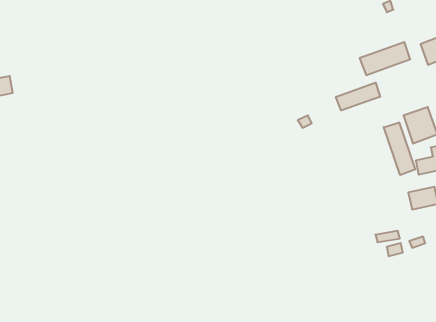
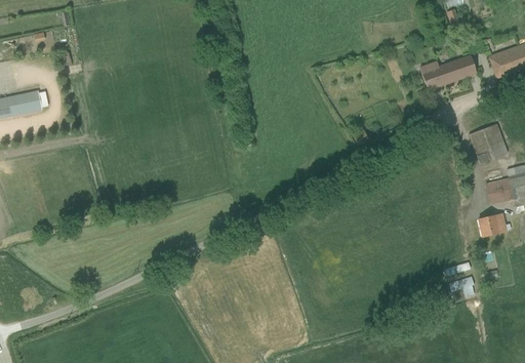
building: [336,83,380,110] -> none
building: [384,122,415,175] -> none

